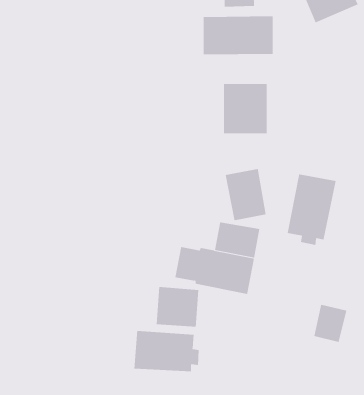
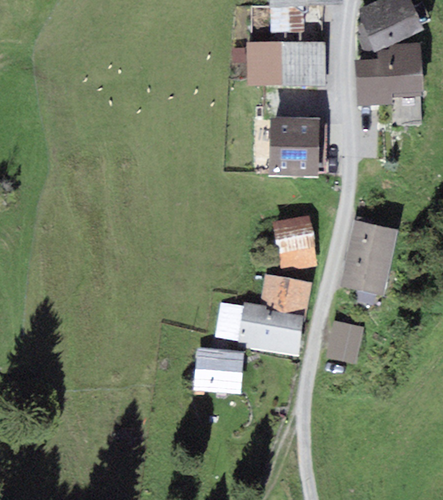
building: none -> [354,41,423,105]
building: [314,304,347,342] -> [325,319,363,362]
building: [134,330,199,372] -> none

